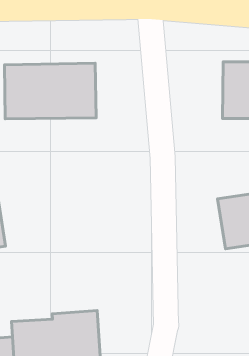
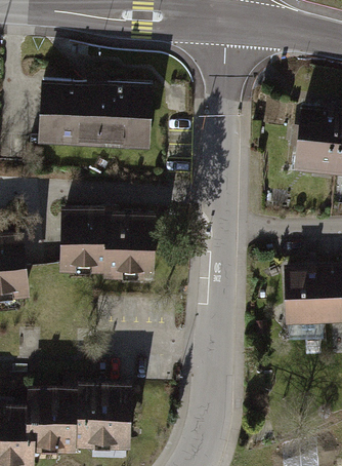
building: none -> [57,209,151,281]

